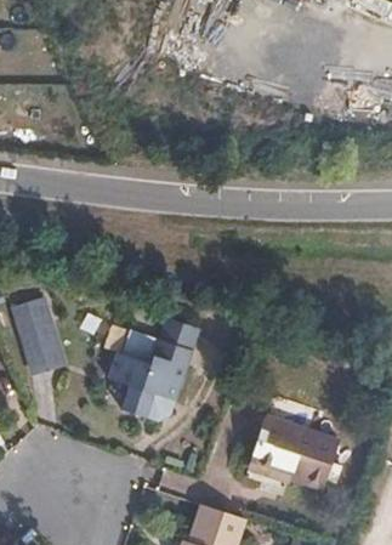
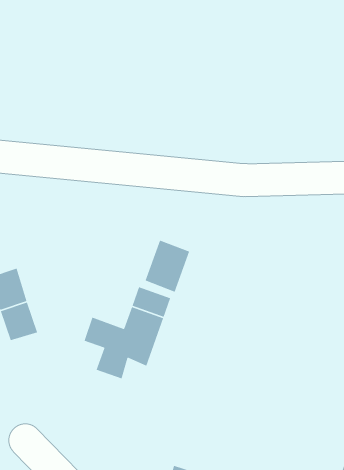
building: none -> [145,239,190,293]
building: [250,411,340,488] -> none

